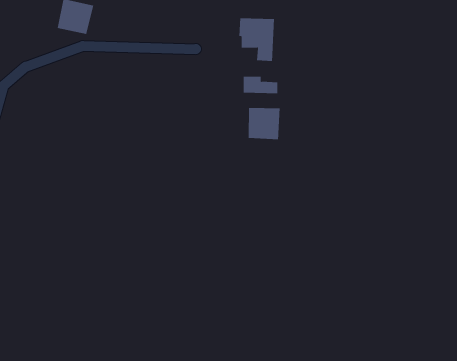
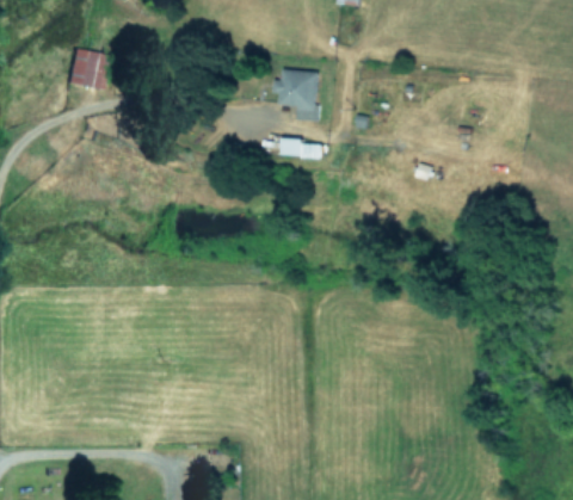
building: [248,107,280,140] -> none

